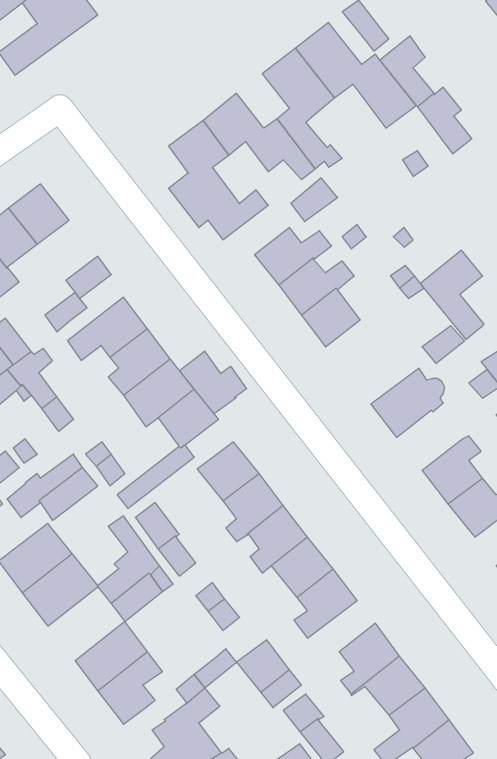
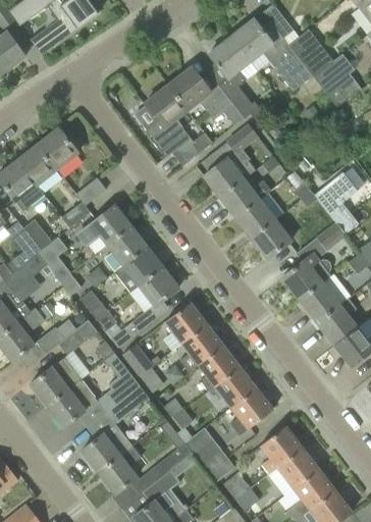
building: none -> [251,220,290,259]
building: [180,351,247,414] -> none
building: none -> [299,281,343,322]

